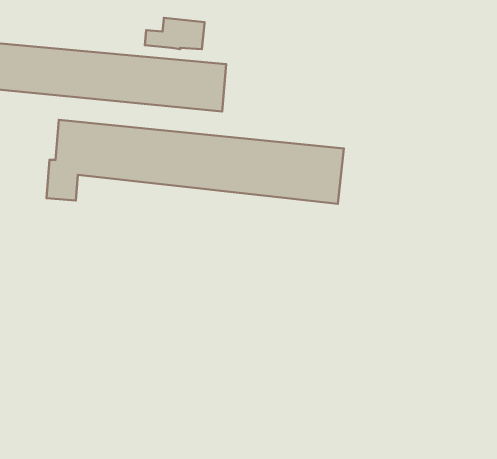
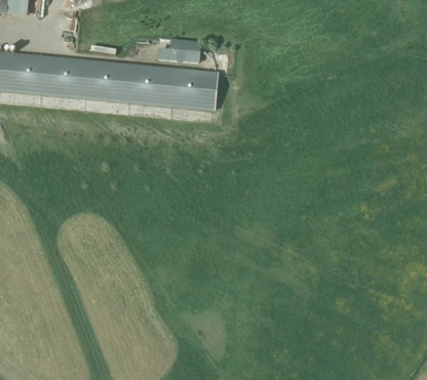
building: [46,120,344,204] -> none

